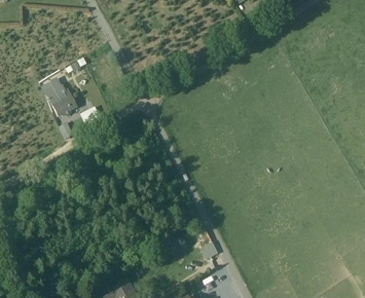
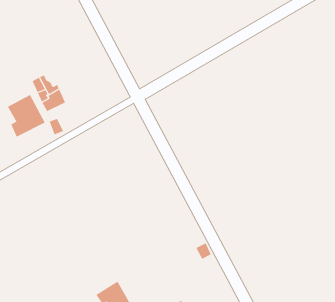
building: none -> [7,94,46,137]

